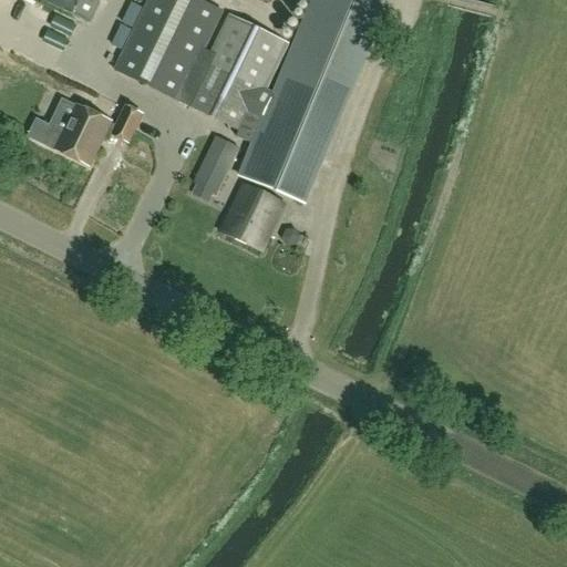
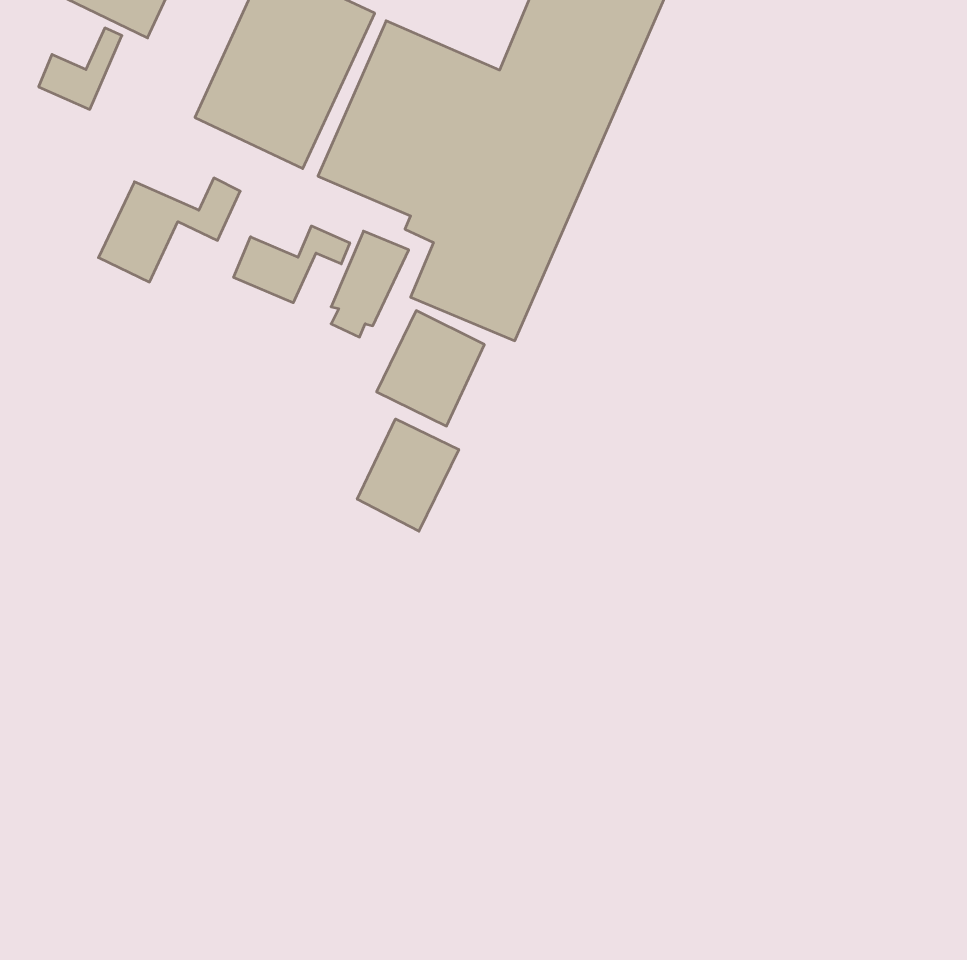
building: [31,92,80,140] -> [39,28,122,109]
building: none -> [234,226,350,303]
building: none -> [357,419,459,531]

